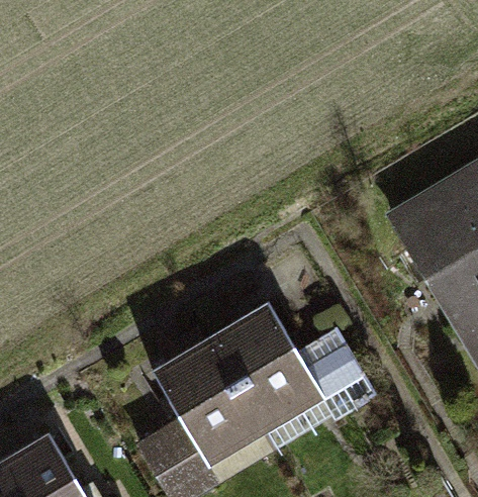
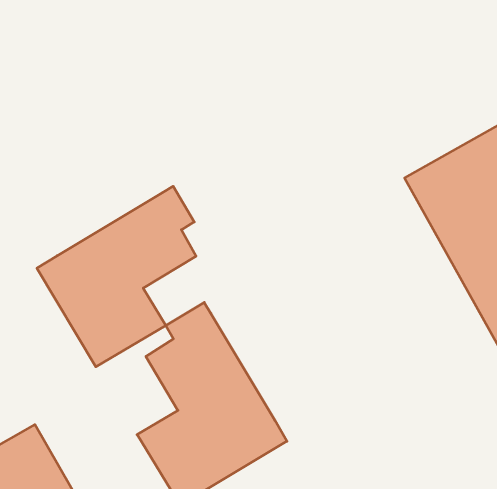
building: none -> [37,186,196,367]
building: [209,303,364,433] -> none

